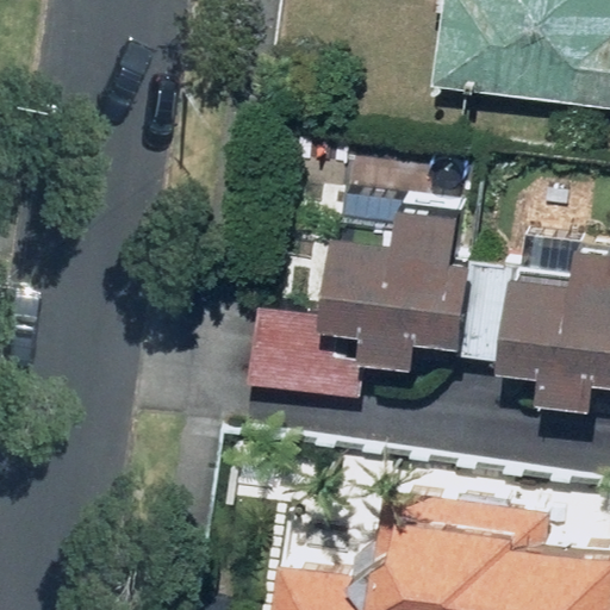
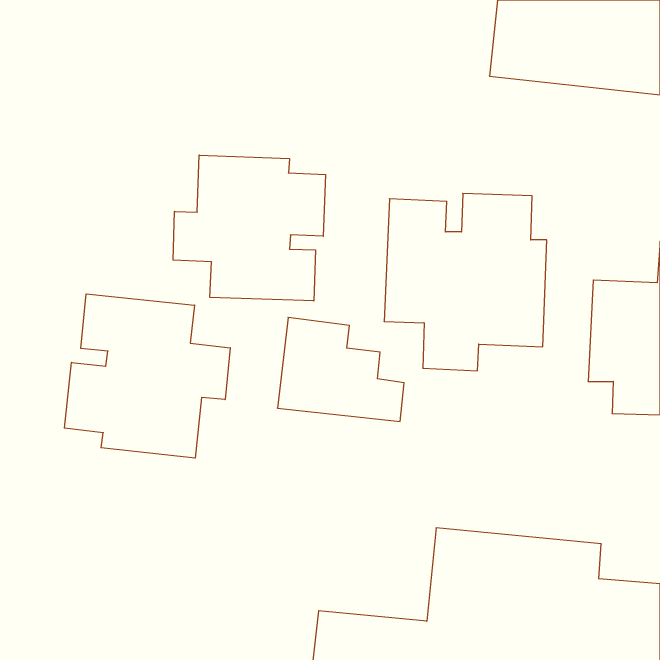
building: none -> [173,155,326,301]
building: none -> [64,294,230,458]

